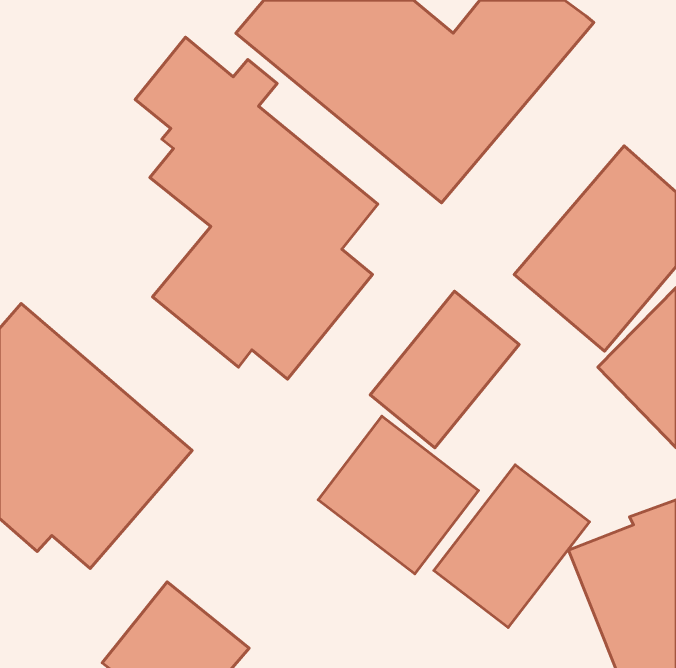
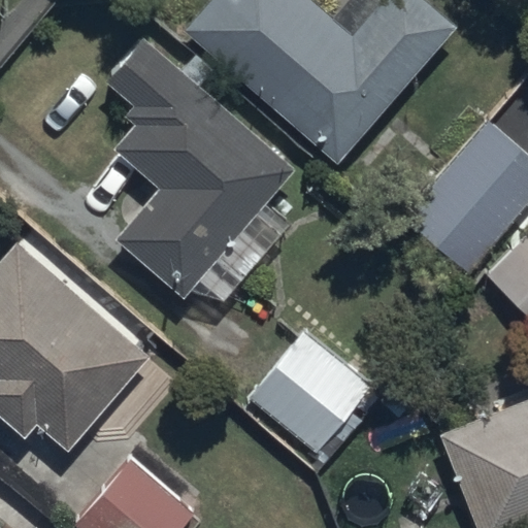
building: [370,291,519,448] -> none
building: [434,465,590,628] -> none

